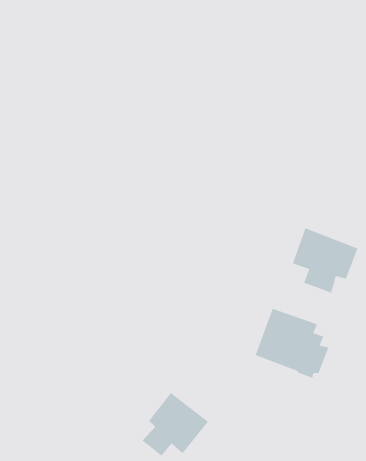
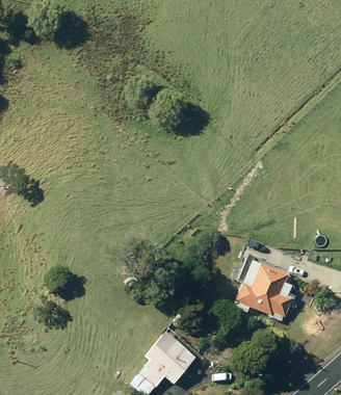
building: [292,228,358,294] -> none

